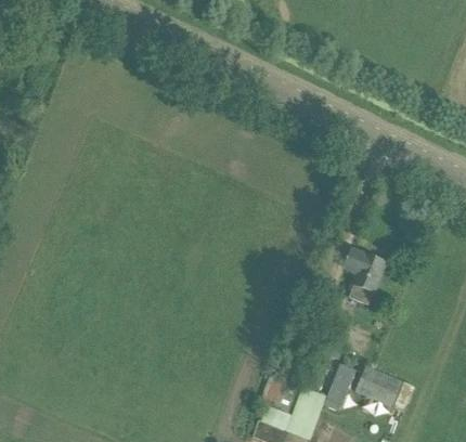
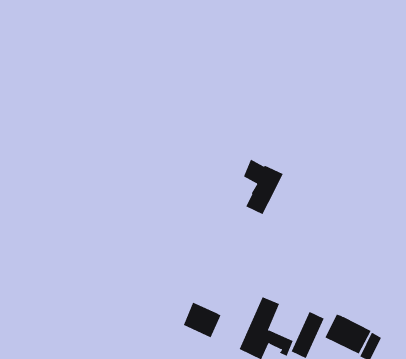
building: [345,249,386,306] -> [243,159,284,215]
building: none -> [183,302,221,338]

